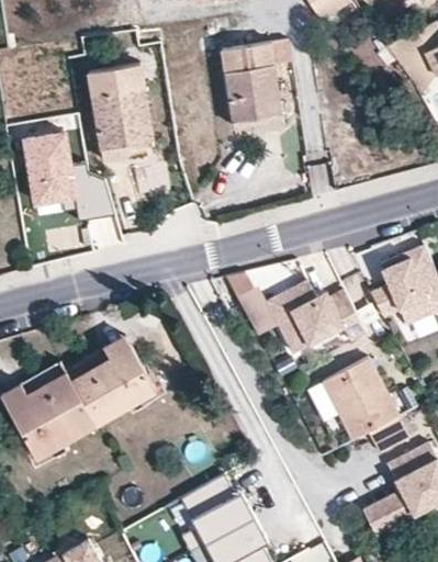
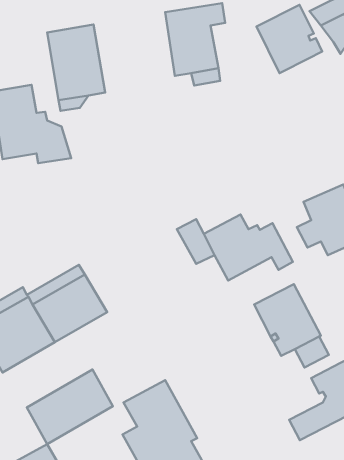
building: none -> [257,5,322,73]
building: none -> [27,369,113,444]

